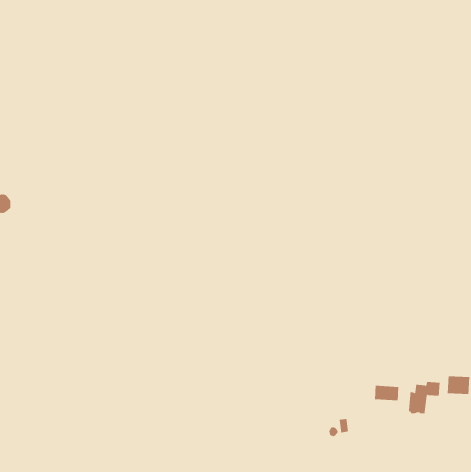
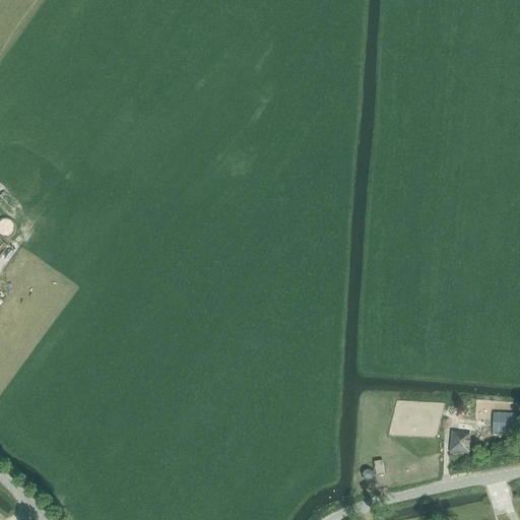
building: [374,385,399,401] -> none

